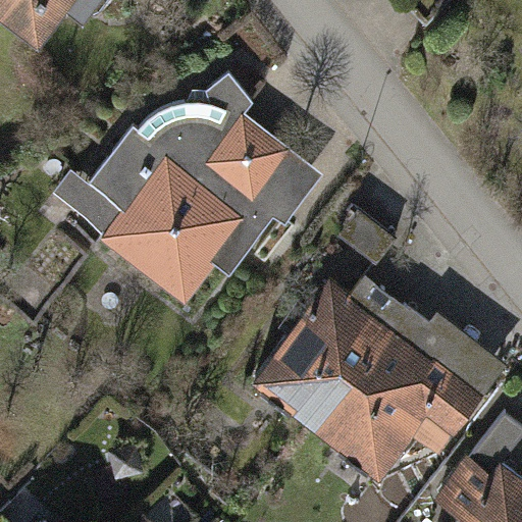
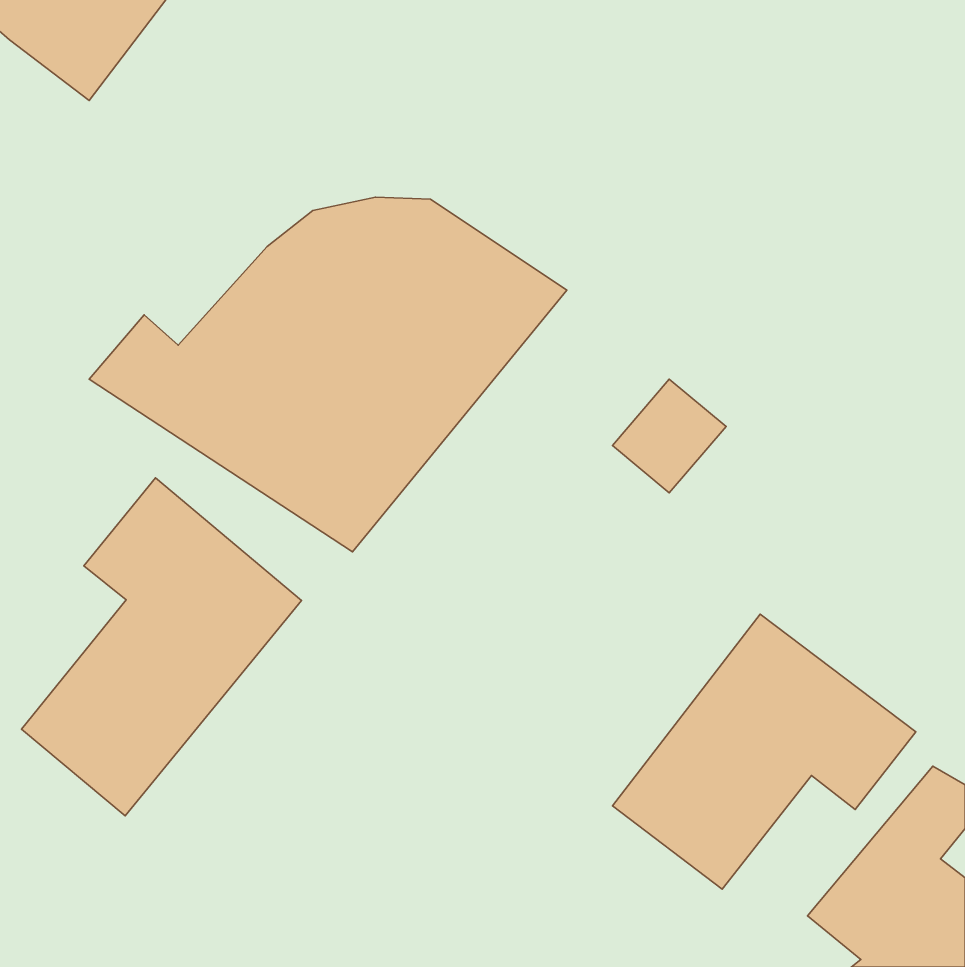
building: none -> [21,478,302,816]
building: [262,279,409,433] -> none

